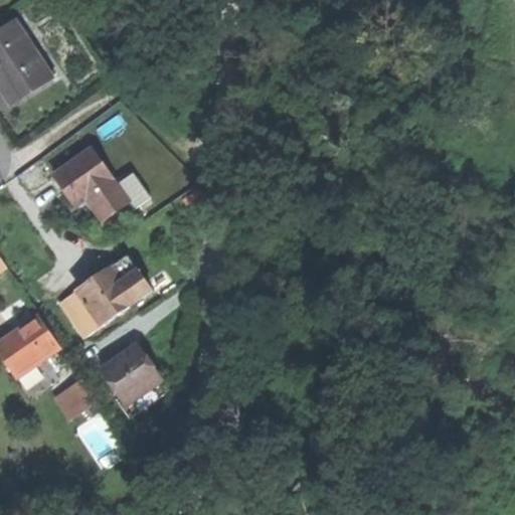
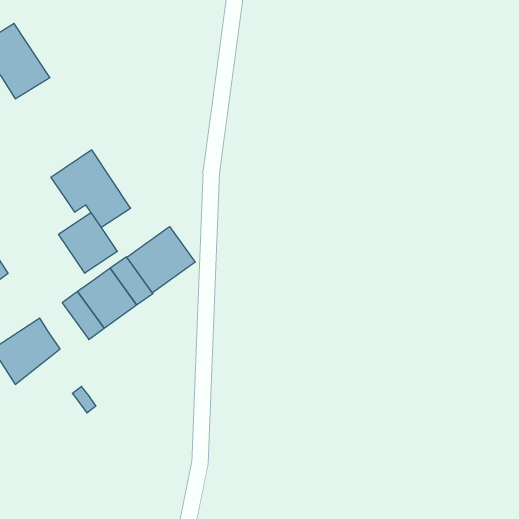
building: none -> [59,213,117,273]
building: none -> [127,227,195,293]
building: [99,342,158,401] -> none

